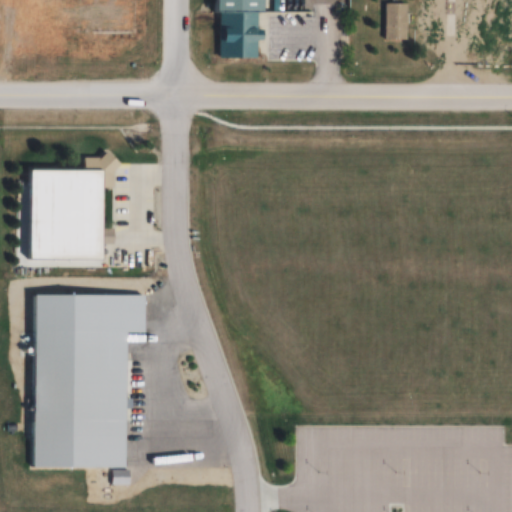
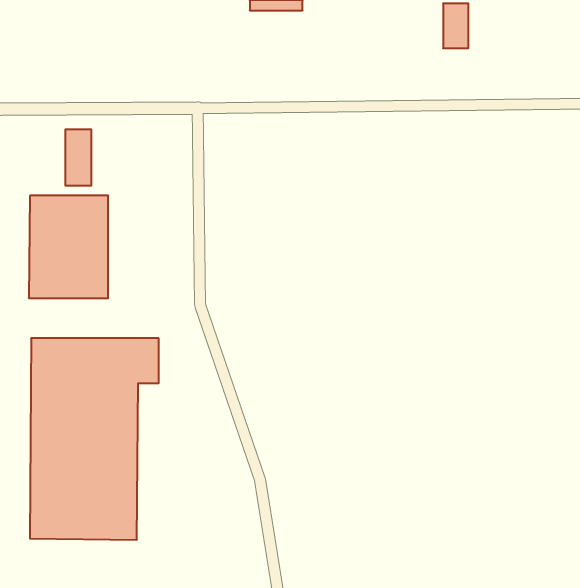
building: [227,13,271,57] -> none
building: none -> [65,129,91,186]

